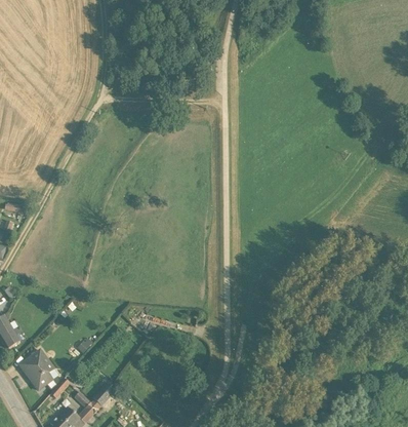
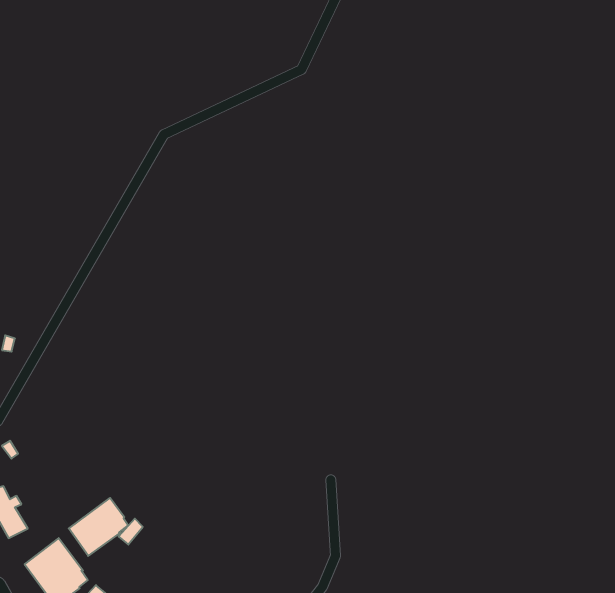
building: none -> [69,498,128,556]

